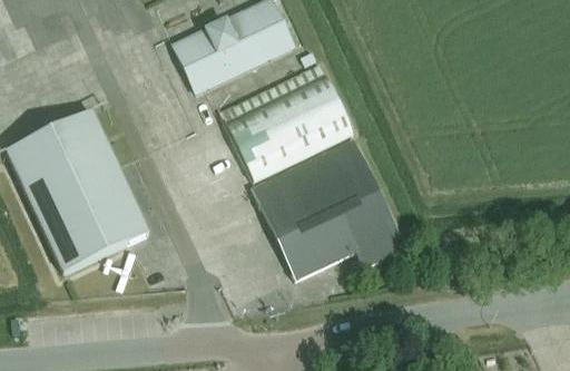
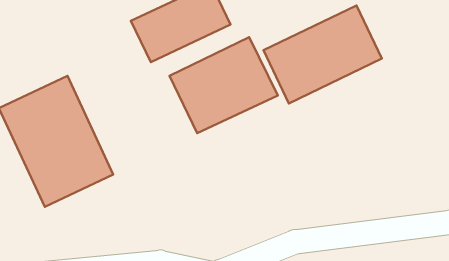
building: none -> [264,5,382,103]
building: [253,141,405,281] -> none

